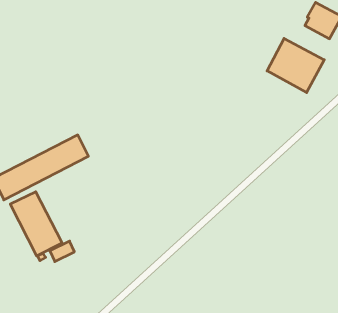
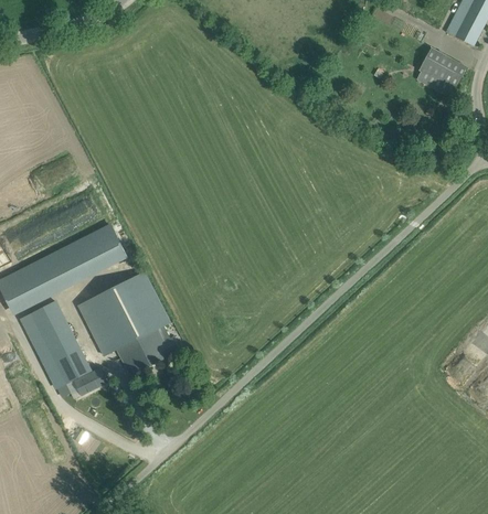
building: [267,38,324,93] -> none
building: none -> [78,271,179,375]

